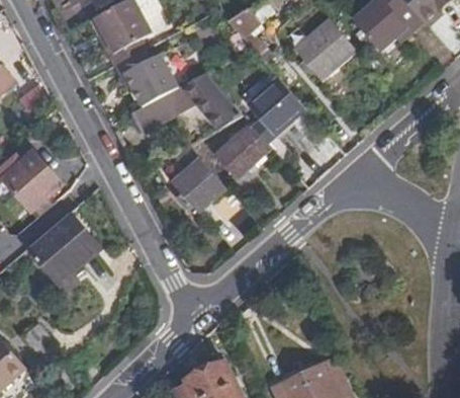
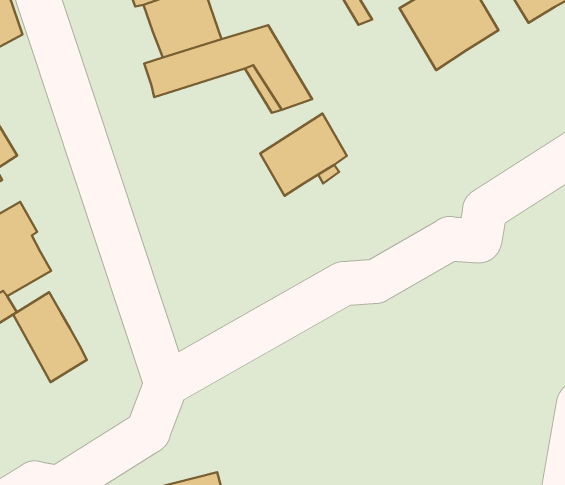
building: [248,78,302,133] -> none
building: [172,160,226,216] -> none
building: none -> [13,292,87,382]

